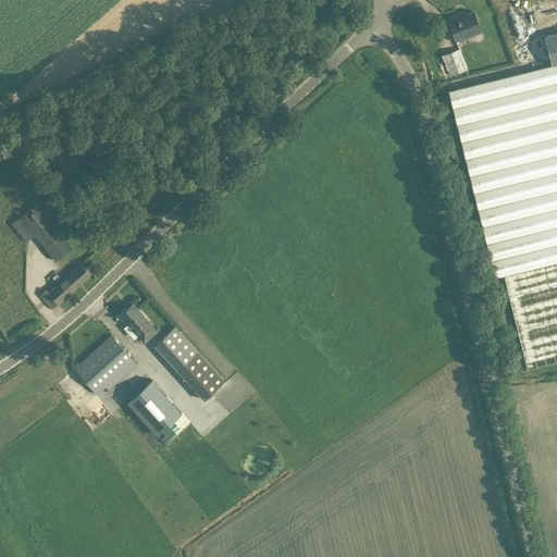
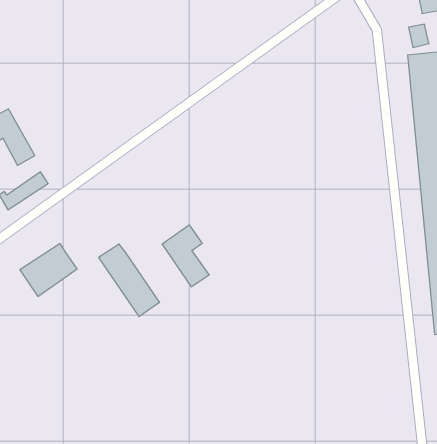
building: none -> [162,225,209,287]
building: [121,304,158,343] -> none
building: [127,384,182,440] -> none

